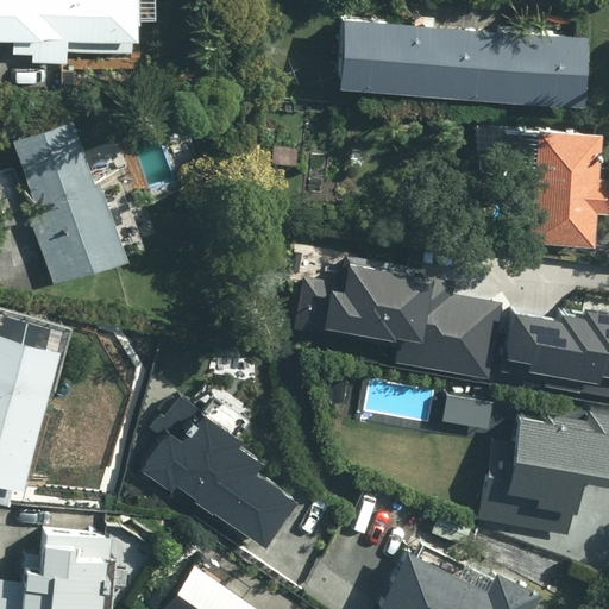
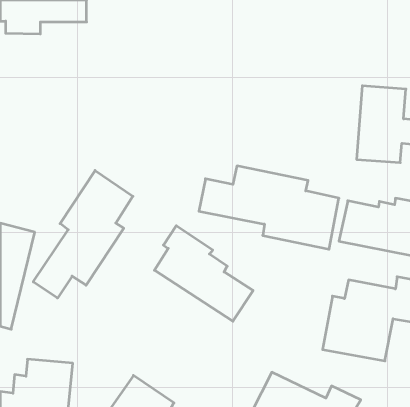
building: [334,23,588,112] -> none
building: [14,125,124,287] -> none
building: none -> [33,170,133,298]
building: [153,397,299,538] -> [154,226,253,321]

